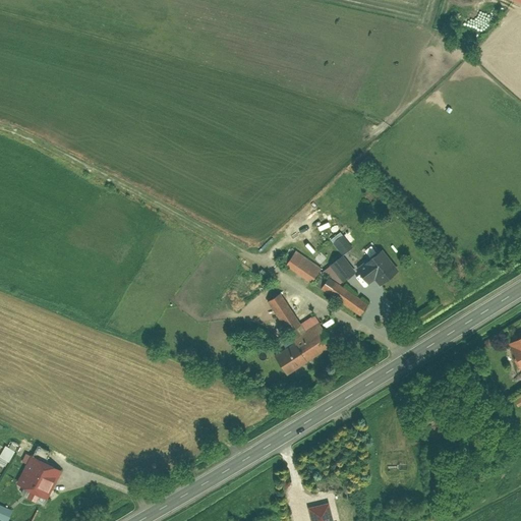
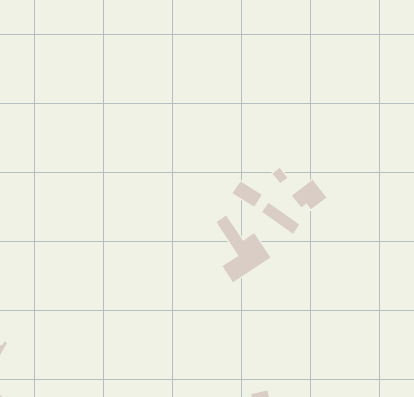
building: [331,255,357,283] -> none
building: [15,455,60,506] -> none

